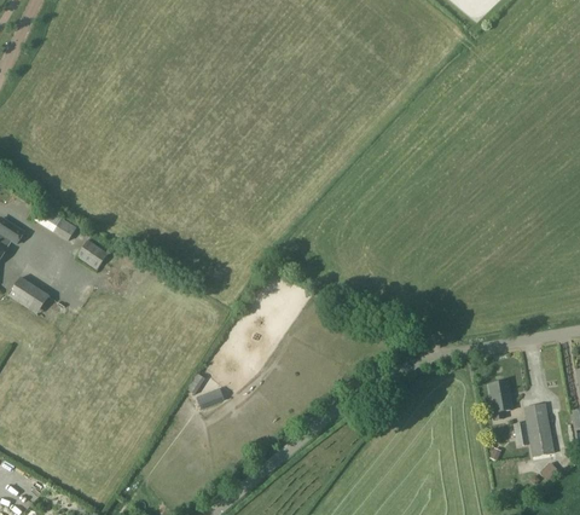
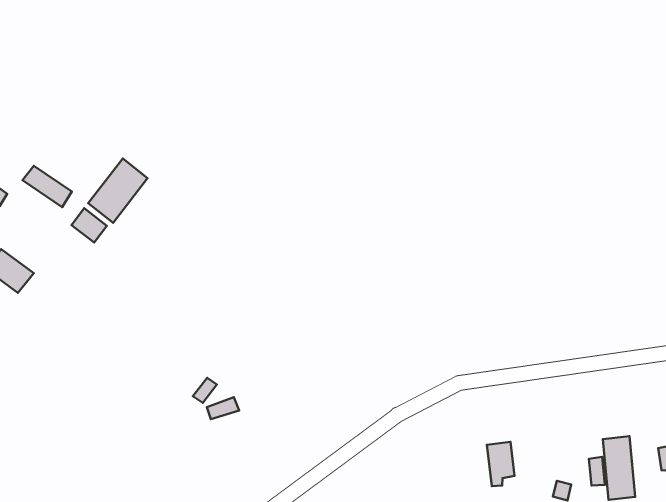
building: none -> [88,159,148,223]
building: [488,381,512,418] -> [487,442,515,486]

